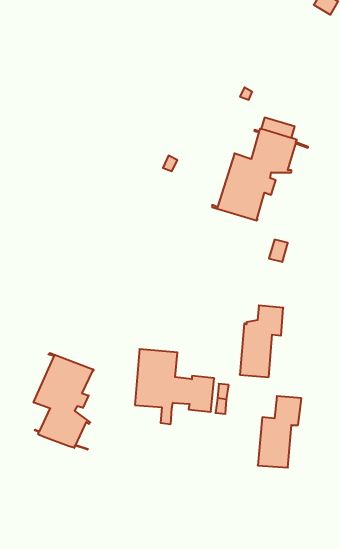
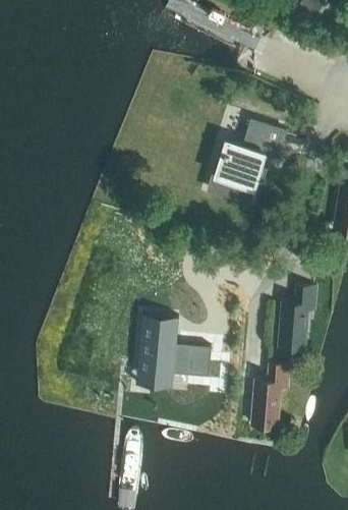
building: [240,305,283,377] -> [277,284,316,349]
building: [34,353,94,450] -> none

